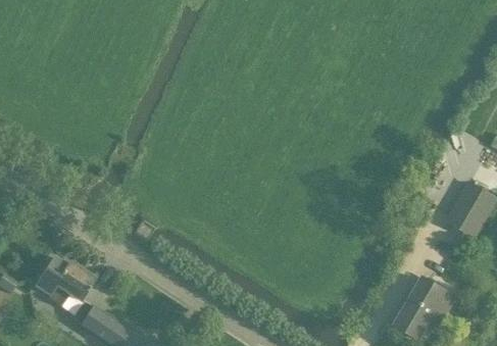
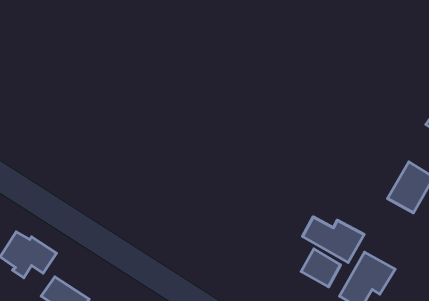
building: none -> [302,217,364,262]
building: none -> [301,249,340,287]

